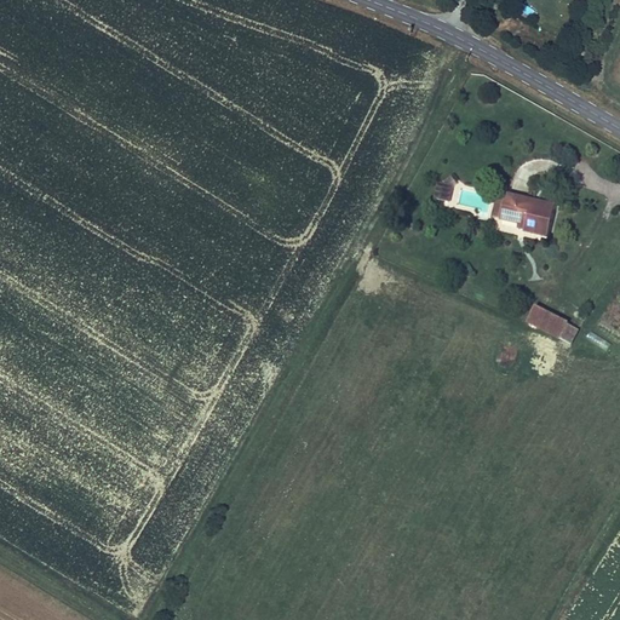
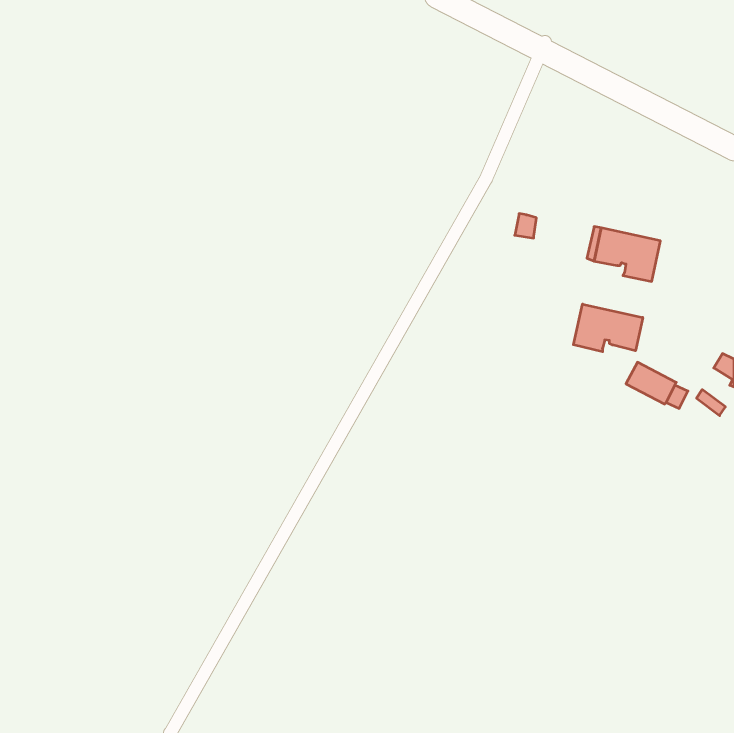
building: none -> [573,304,643,352]

